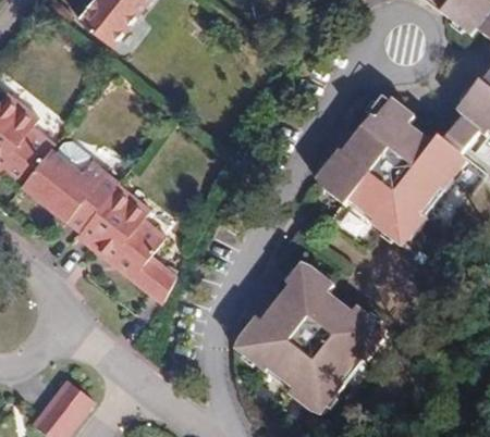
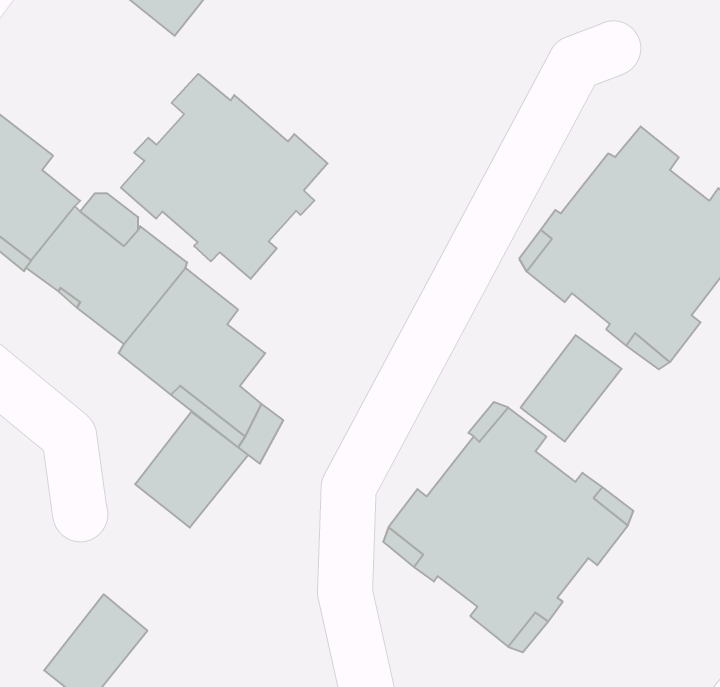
building: none -> [121,74,328,279]
building: none -> [521,335,622,442]
building: none -> [135,412,248,528]

